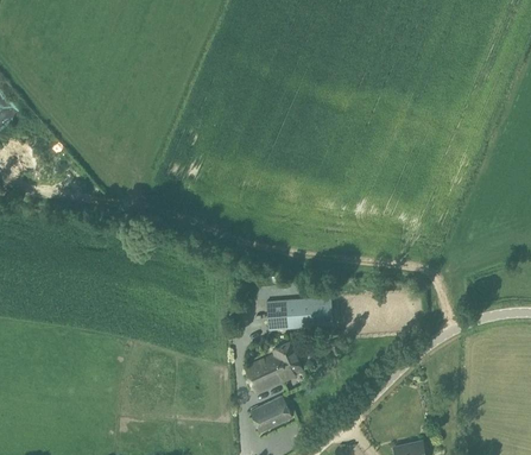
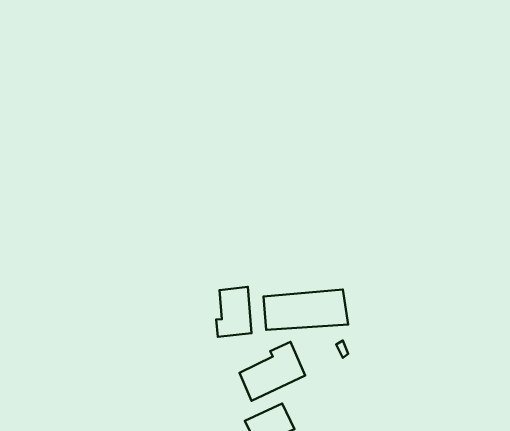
building: none -> [216,287,251,337]

